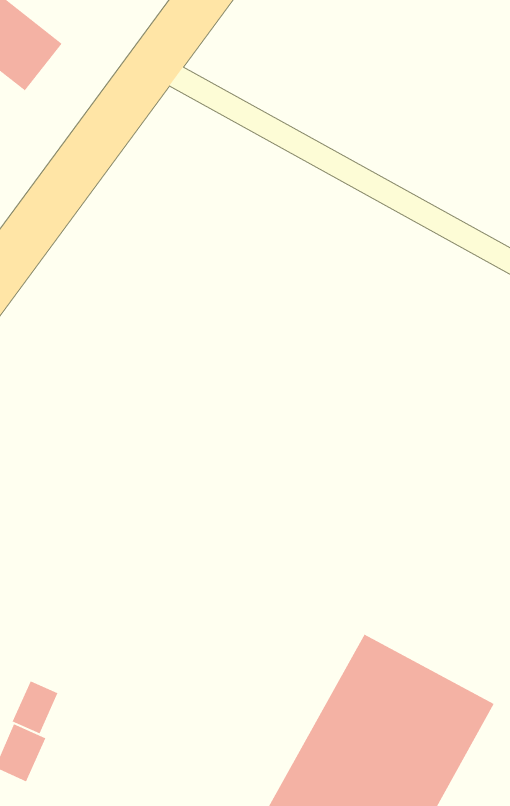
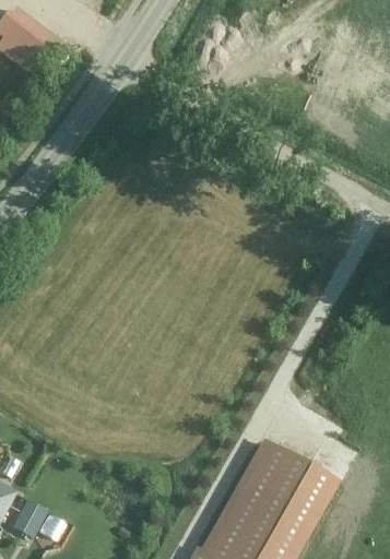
building: [12,681,58,734] -> none

